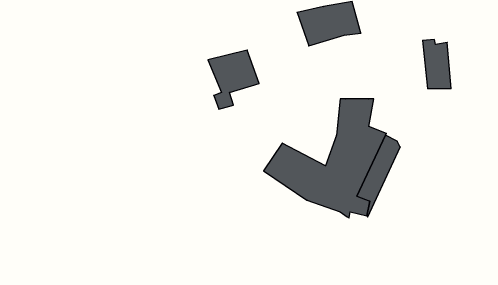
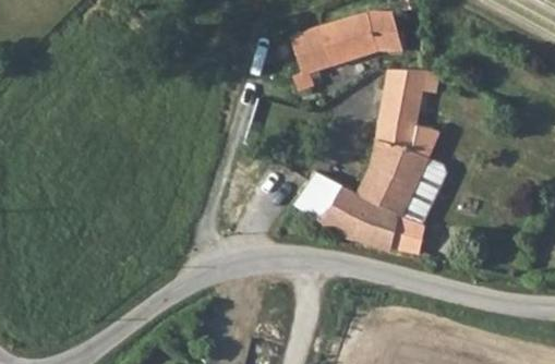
building: [423,40,451,89] -> [379,65,411,120]
building: [208,50,259,109] -> [288,24,345,89]

